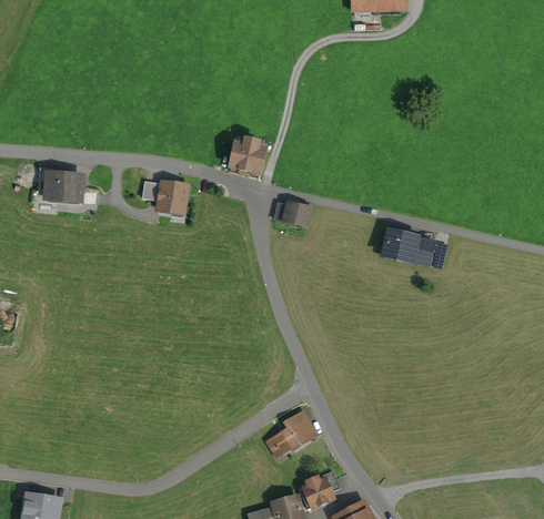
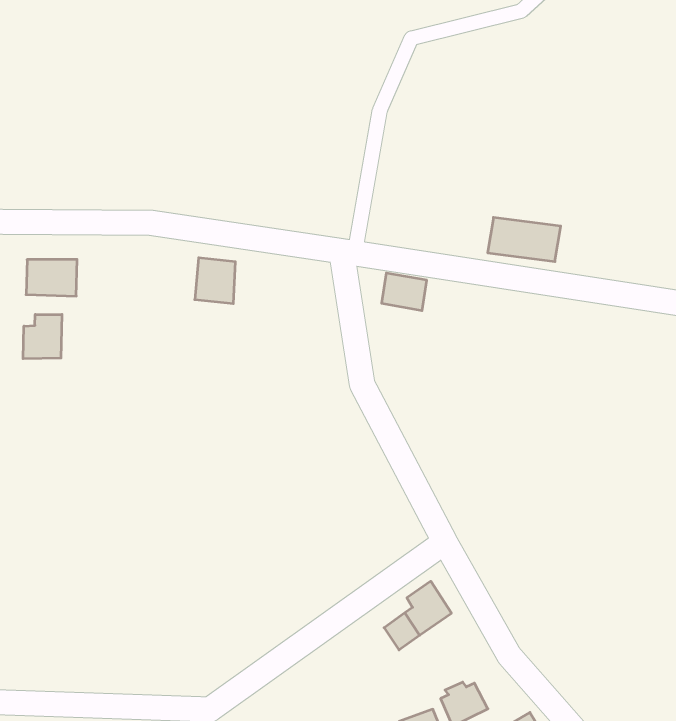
building: [230,136,269,174] -> none
building: none -> [23,314,62,359]
building: [382,232,432,264] -> [488,217,561,262]

